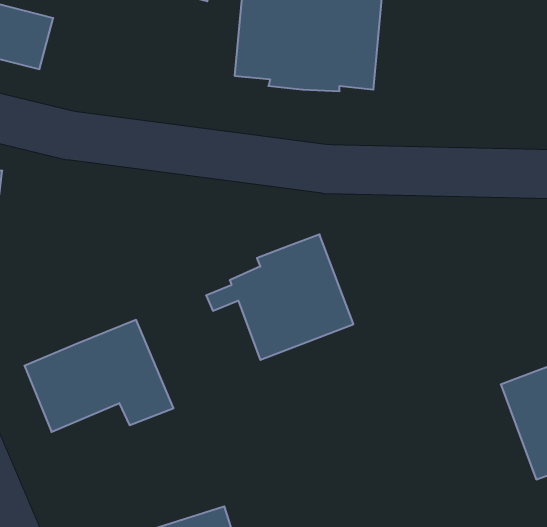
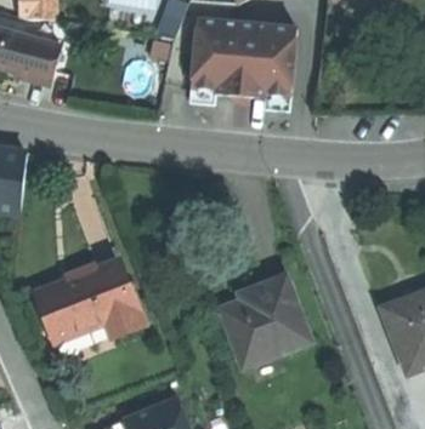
building: [206,234,353,360] -> [203,274,308,364]

